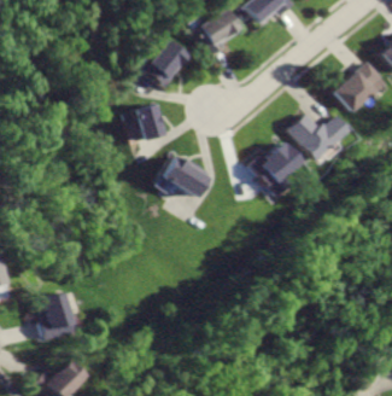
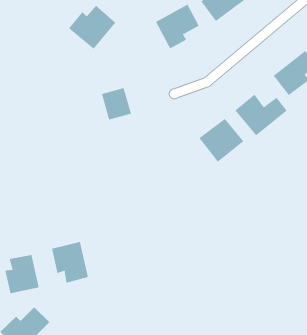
building: [144,39,198,89] -> [68,5,116,49]
building: [168,157,213,199] -> none
building: none -> [51,241,88,284]

